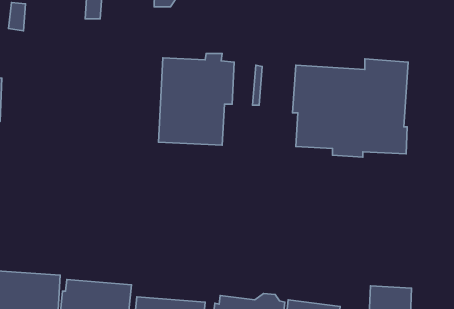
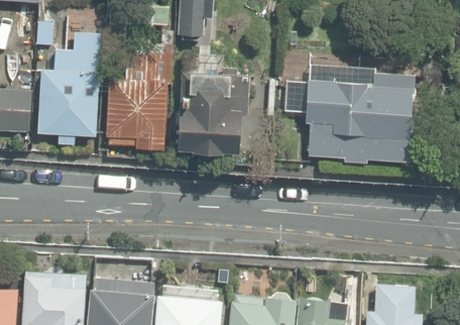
building: none -> [38,33,100,144]
building: none -> [106,42,176,153]

